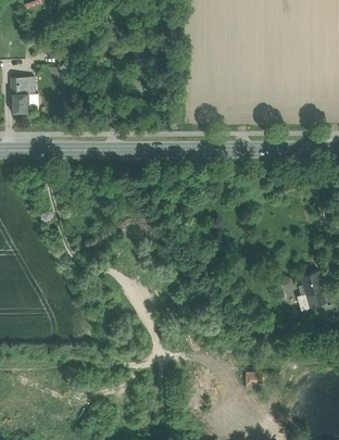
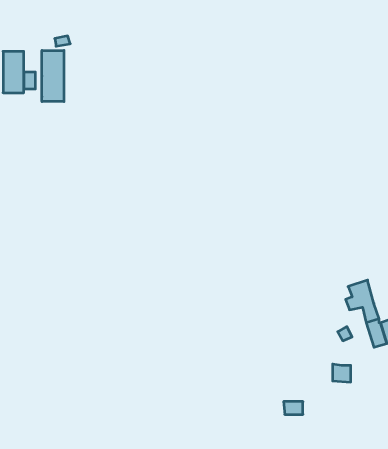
building: none -> [42,50,64,102]

